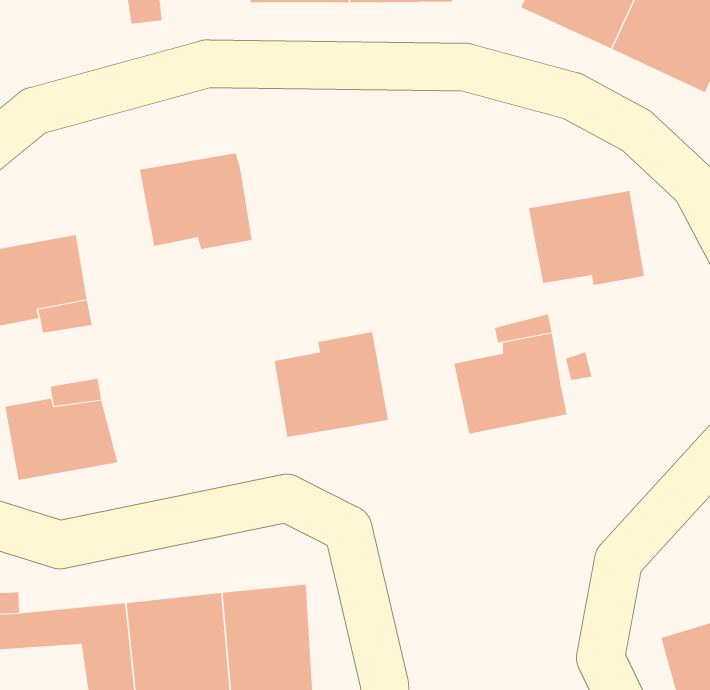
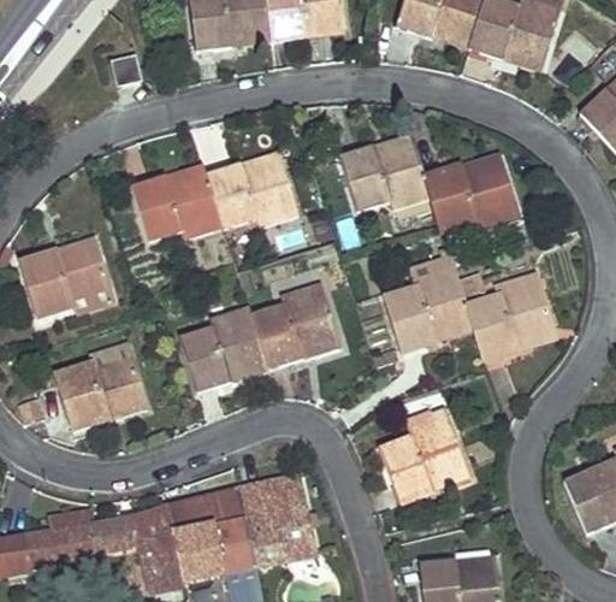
building: none -> [339,134,428,211]
building: none -> [207,152,298,229]
building: none -> [179,305,267,391]
building: none -> [464,275,553,359]
building: none -> [378,413,467,498]

